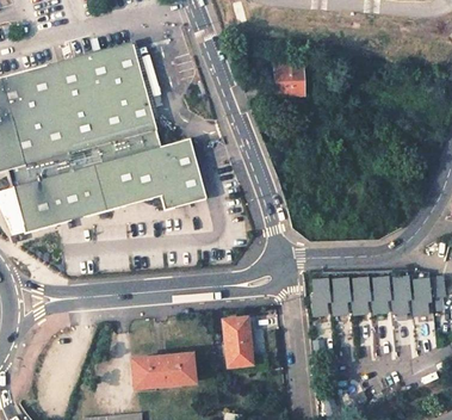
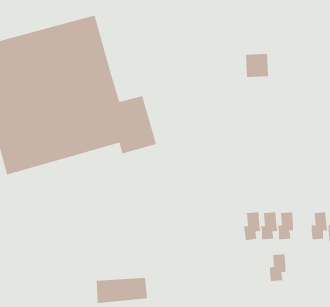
building: [274,67,303,95] -> [245,54,269,77]
building: [370,277,390,310] -> [269,254,286,282]
building: [223,319,252,365] -> none

